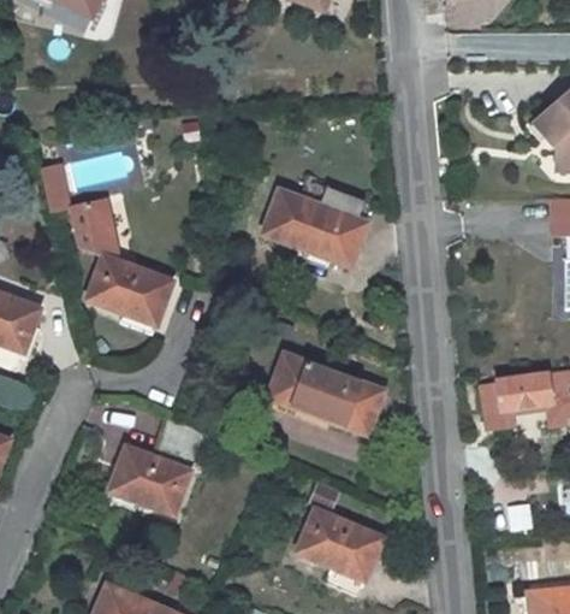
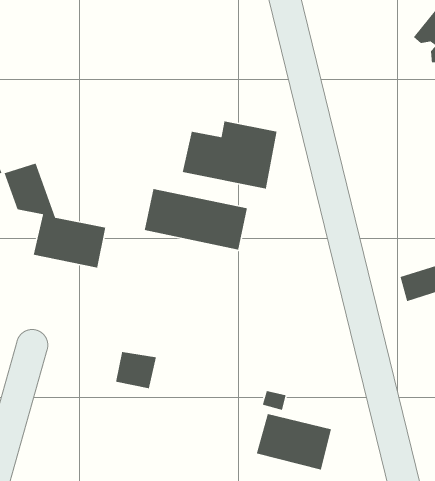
building: [267,353,384,435] -> [144,188,248,250]
building: [109,447,190,514] -> none

